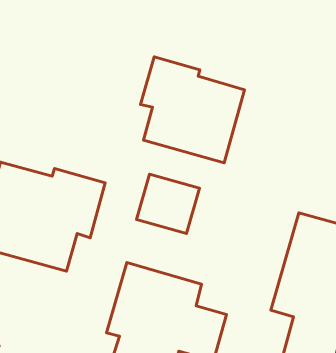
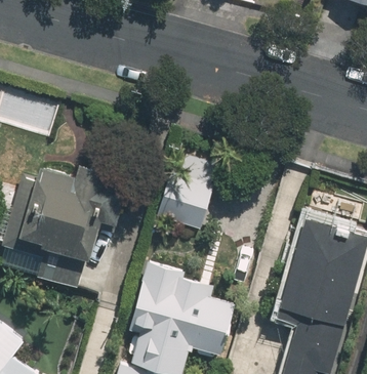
building: [141,57,245,163] -> none

